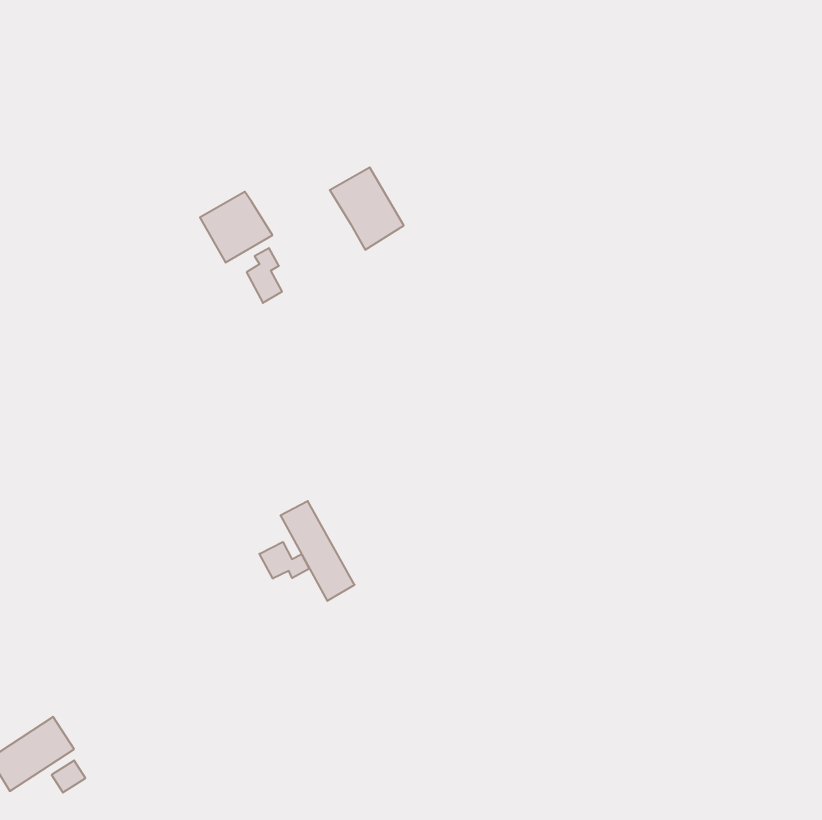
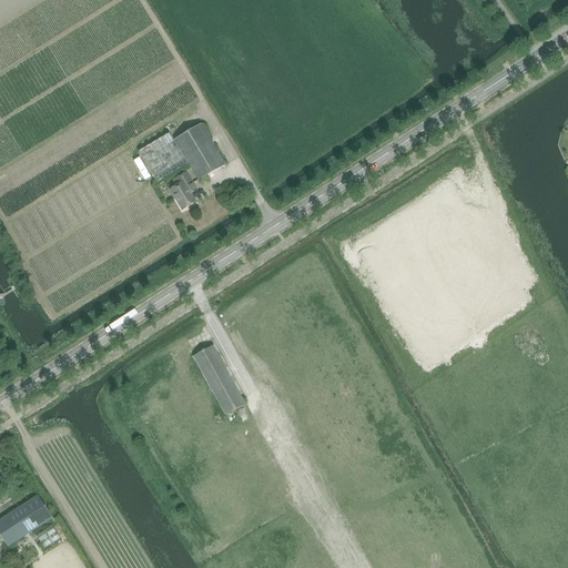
building: [330,168,404,250] -> [173,123,224,180]
building: [259,542,309,579] -> none

